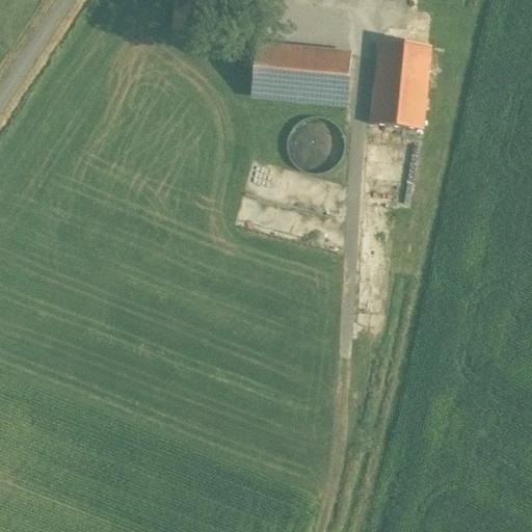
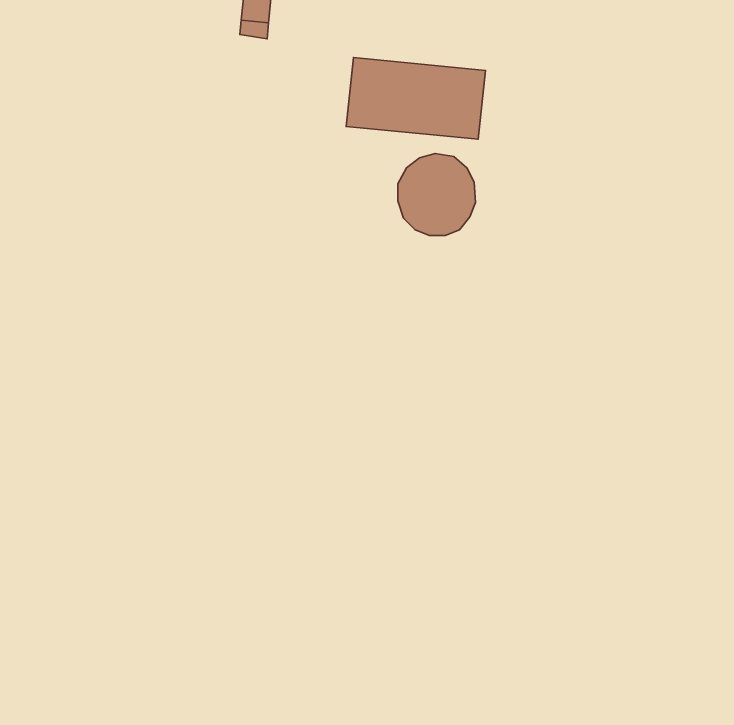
building: [371,37,429,126] -> none

